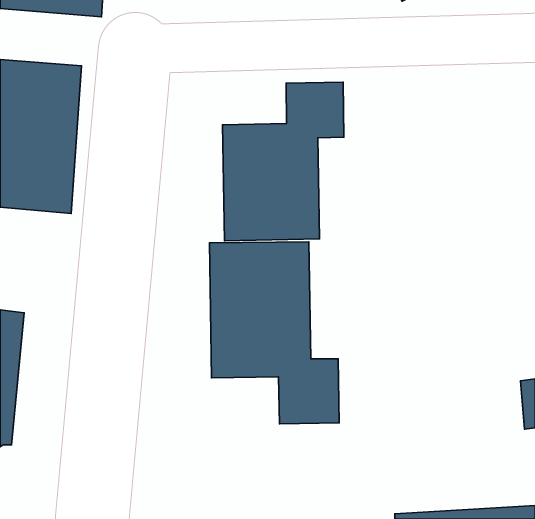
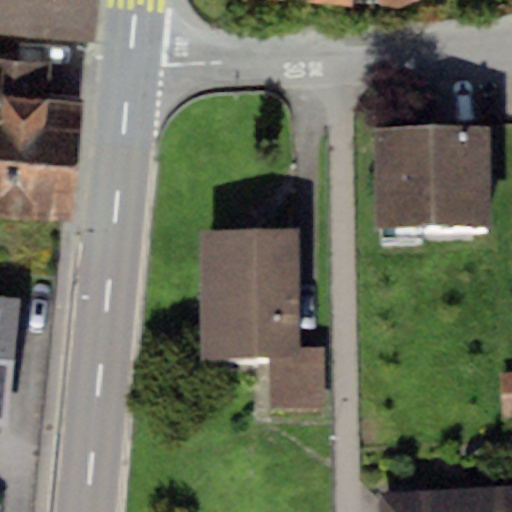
building: [222,82,344,241] -> none
building: none -> [374,132,489,234]

